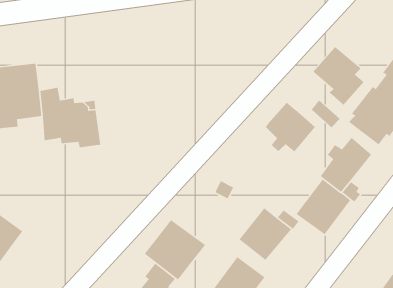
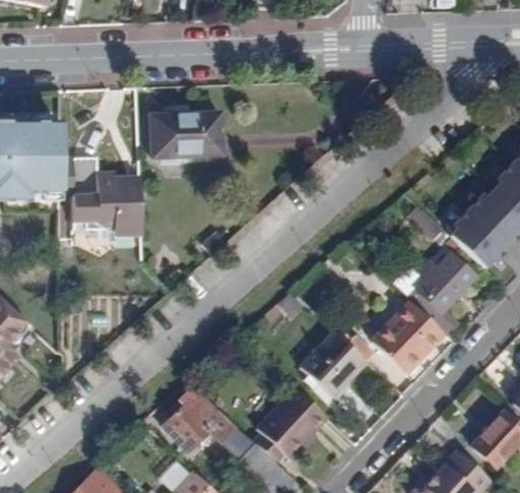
building: none -> [148,111,221,158]
building: [312,46,365,106] -> none
building: [265,102,316,153] -> none
building: [144,219,206,281] -> none

